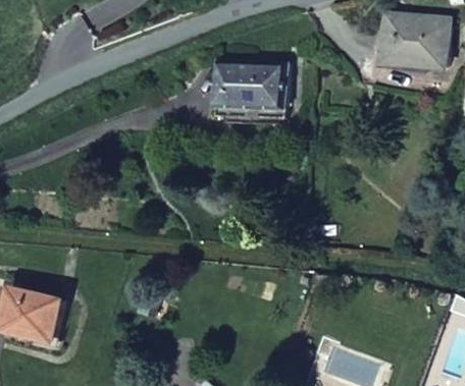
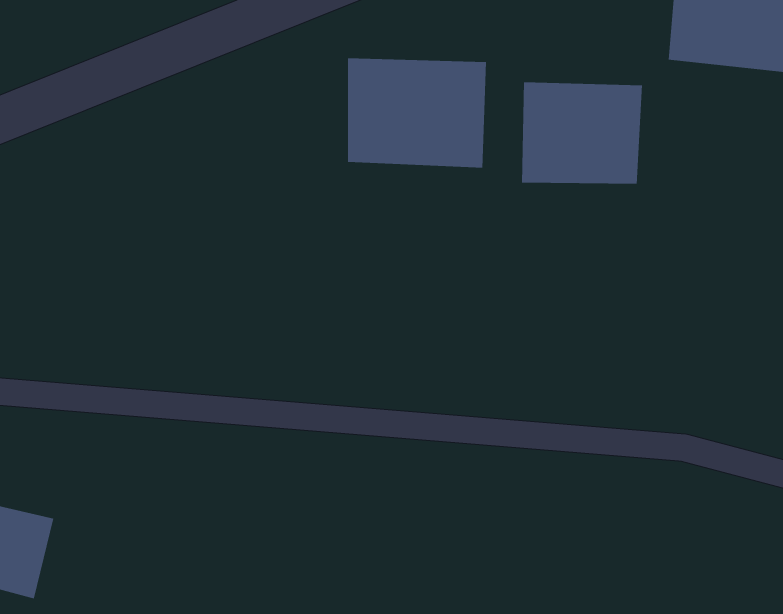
building: none -> [521,81,642,184]

